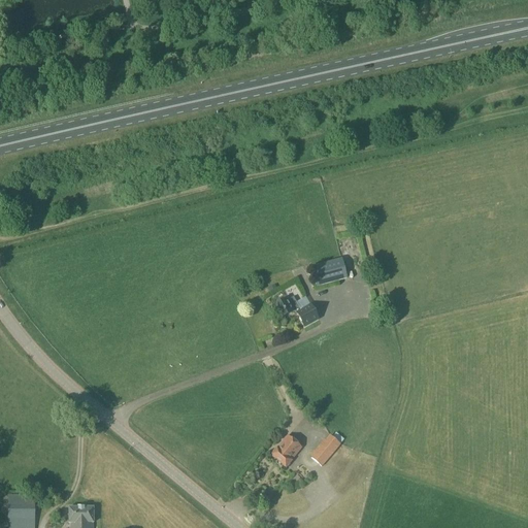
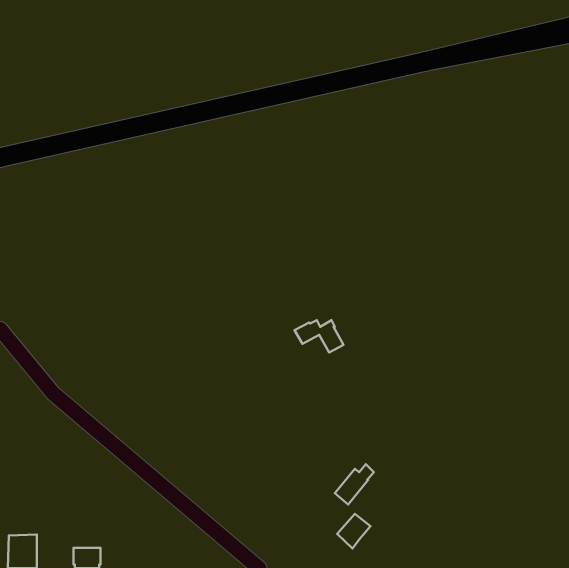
building: [311,259,348,286] -> none
building: [271,435,302,467] -> [337,514,370,548]

